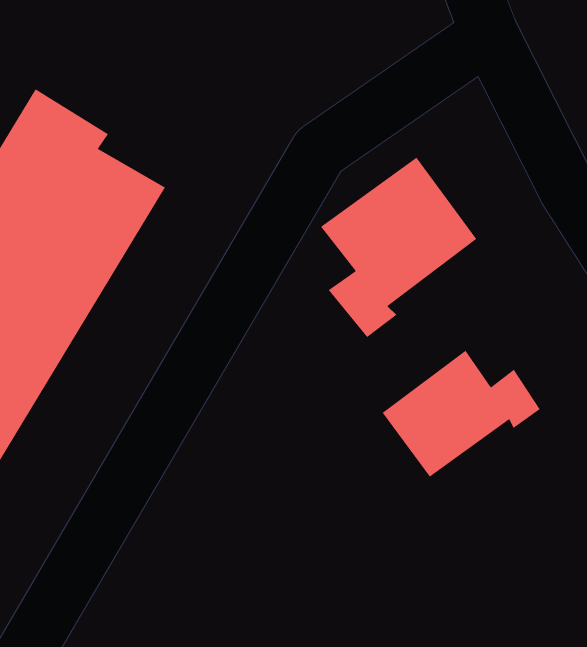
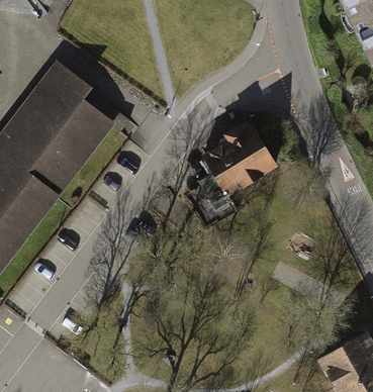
building: [382,350,541,477] -> none

